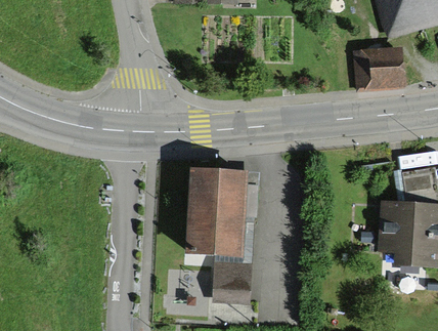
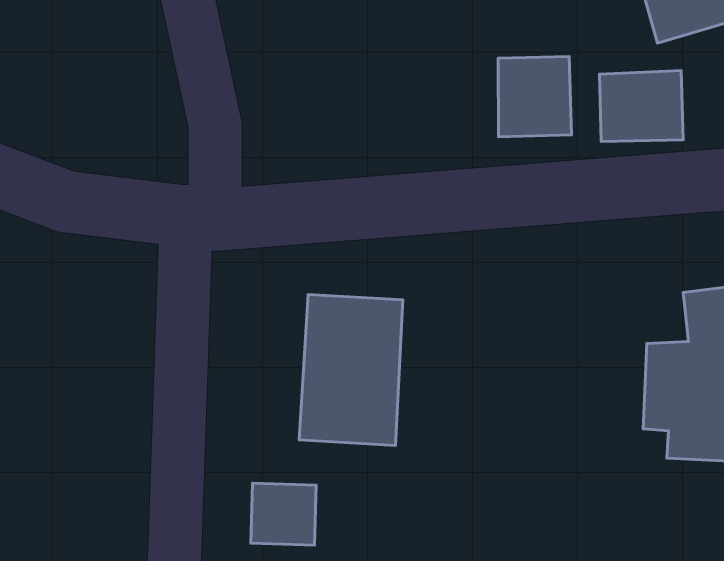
building: none -> [498,56,571,137]
building: [210,267,247,302] -> [251,483,316,545]

